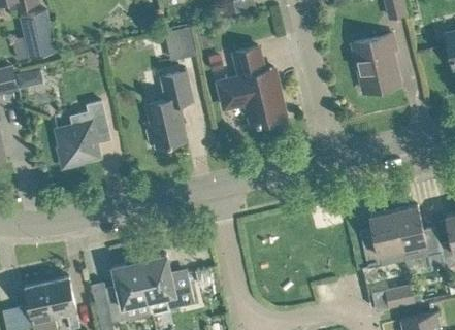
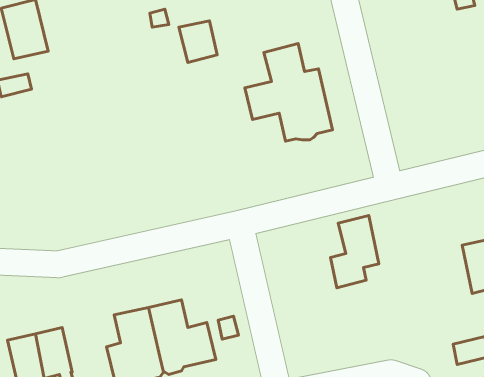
building: [352,34,397,90] -> none
building: [143,71,192,146] -> none
building: [55,101,107,169] -> none
building: [362,209,401,268] -> [331,216,379,288]

